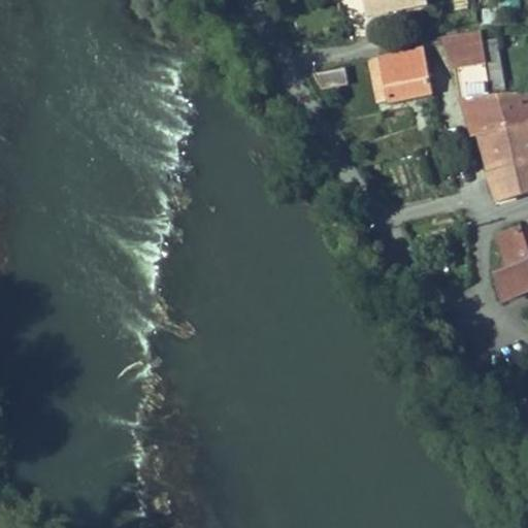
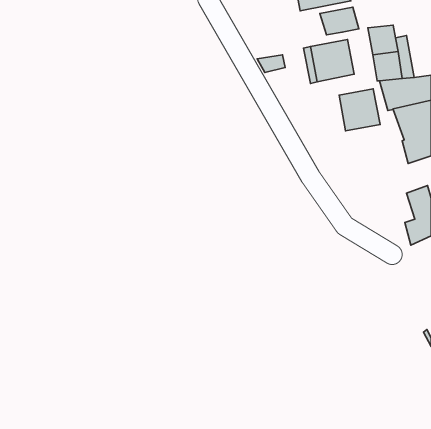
building: none -> [320,7,359,35]
building: none -> [339,89,380,131]

